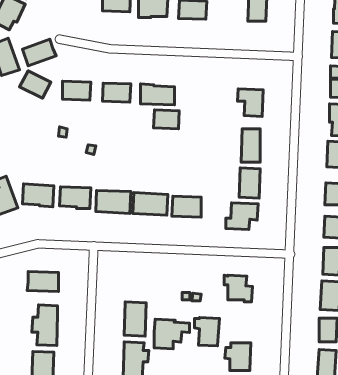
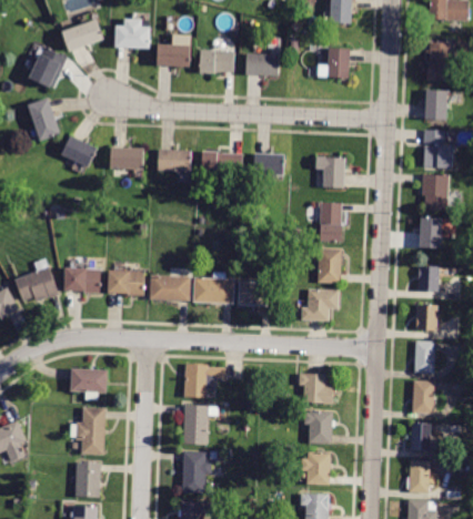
building: [23,39,56,66] -> none
building: [154,110,179,129] -> [254,153,284,175]
building: [195,317,219,346] -> [304,411,333,445]
building: [154,319,189,349] -> [184,364,225,398]

